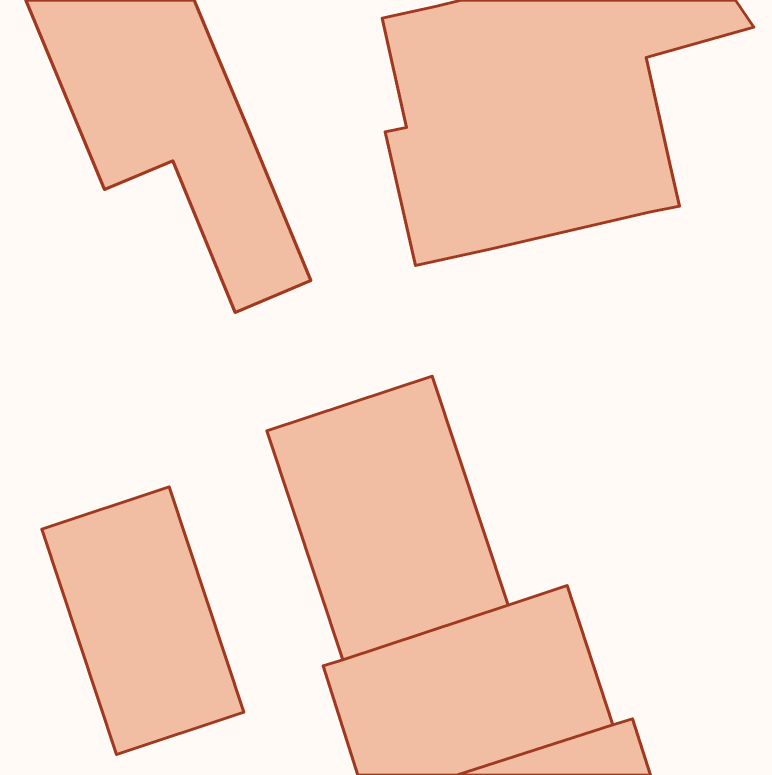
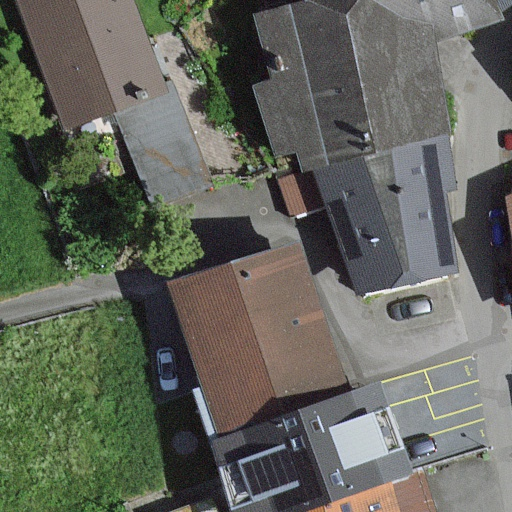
building: none -> [274,136,460,293]
building: [42,487,244,754] -> none

